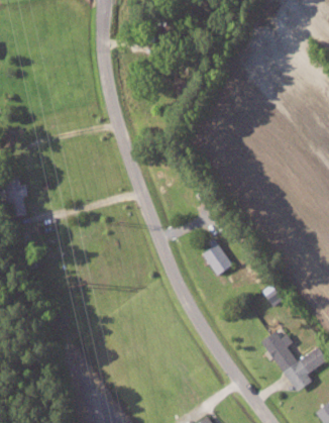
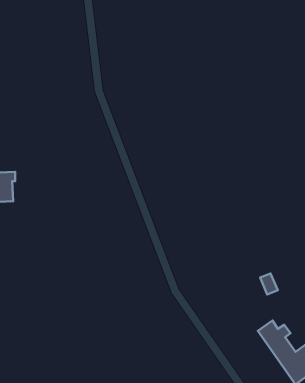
building: [203,238,233,276] -> none

